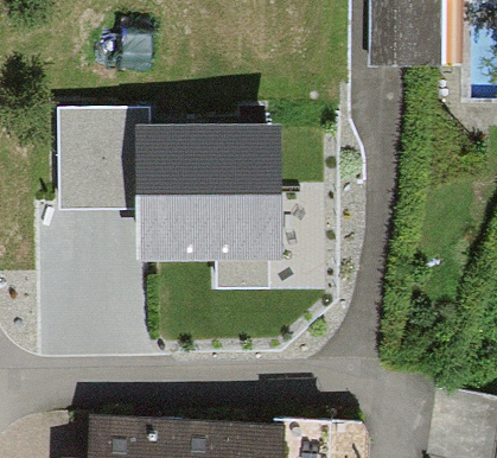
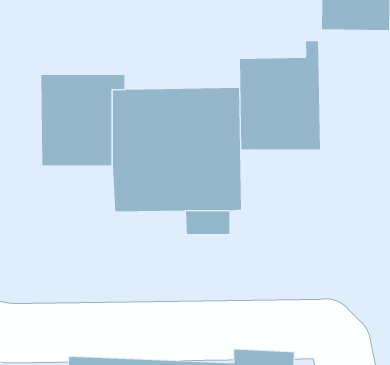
building: none -> [239,40,320,150]

